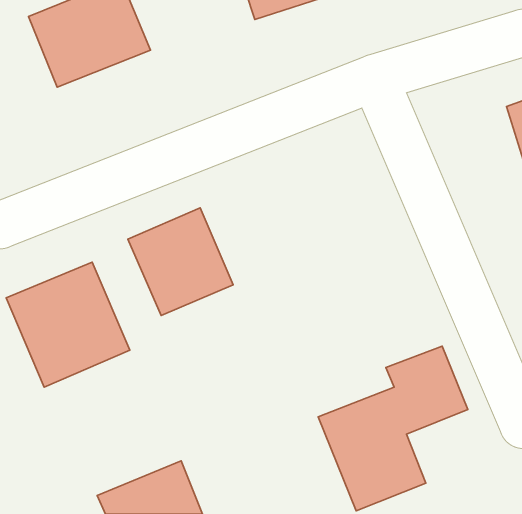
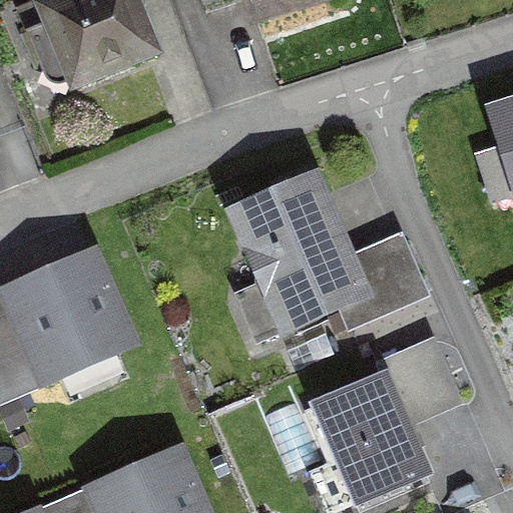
building: none -> [236,177,422,326]
building: [128,208,233,315] -> none

